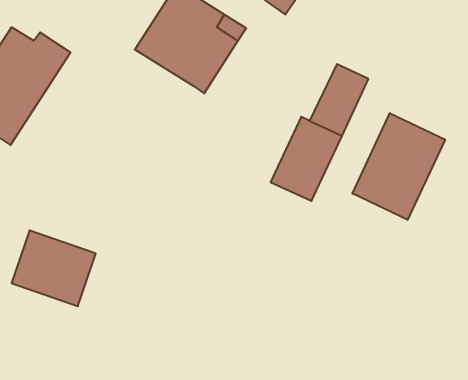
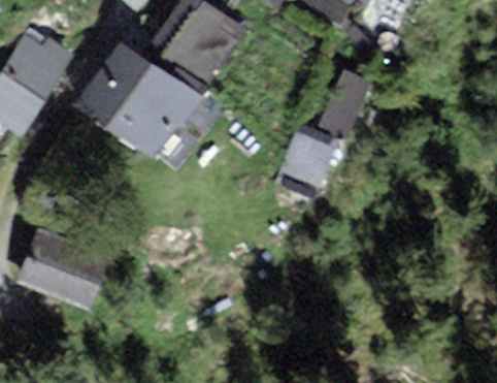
building: none -> [74,37,201,160]
building: [352,113,445,220] -> none

